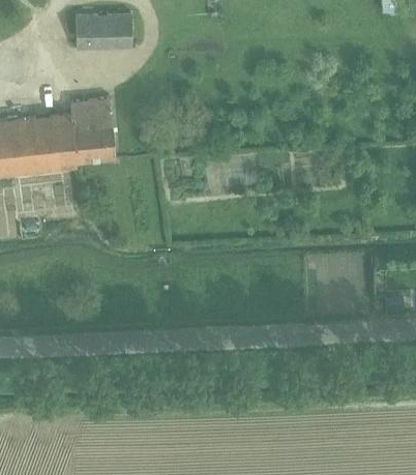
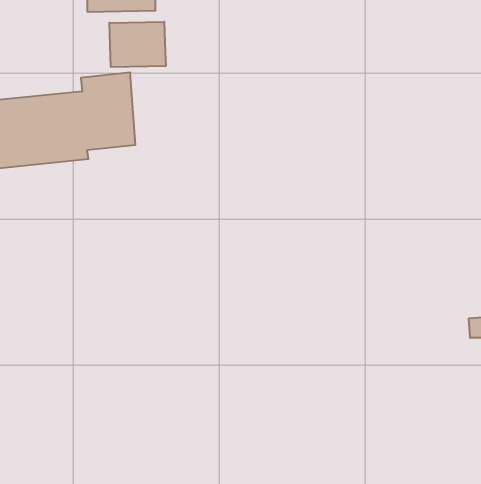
building: none -> [109,22,166,67]

